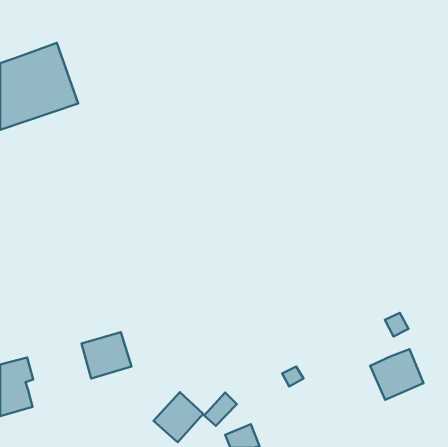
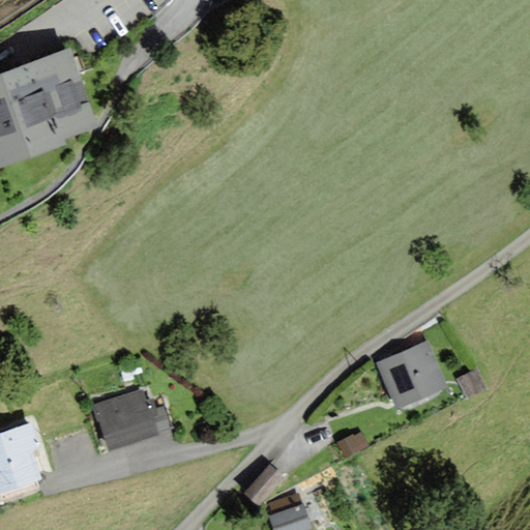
building: [370,349,424,400] -> [381,346,444,406]
building: [153,392,203,442] -> none

